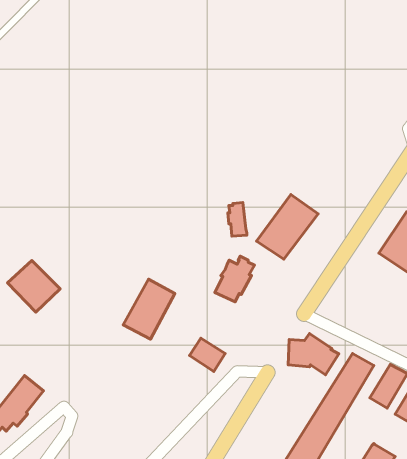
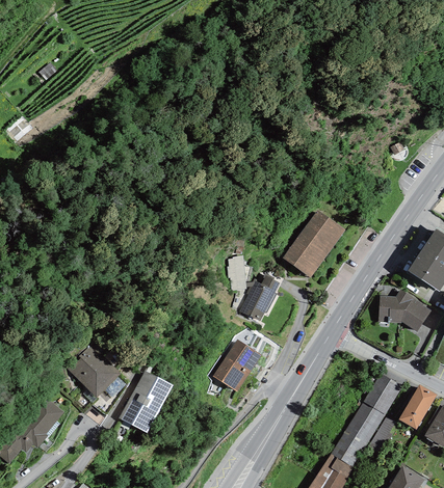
building: [228,203,247,236] -> [227,255,246,290]
building: [8,261,60,312] -> [67,344,121,397]
building: [123,279,175,339] -> [119,371,172,432]
building: none -> [225,340,261,373]
building: [288,333,339,375] -> [378,289,430,331]

